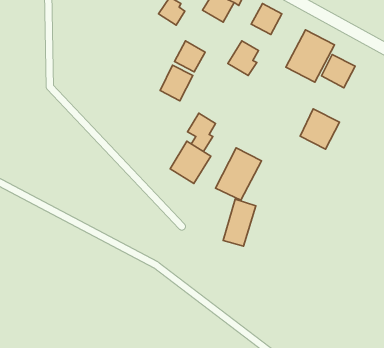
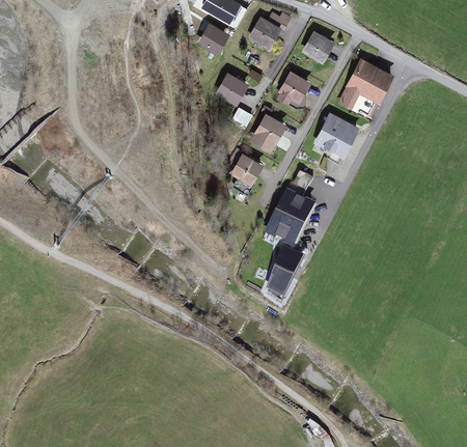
building: [322,55,355,88] -> none
building: [160,65,193,101] -> [251,113,287,152]
building: [300,109,339,149] -> [314,112,358,157]
building: [170,141,211,184] -> none

